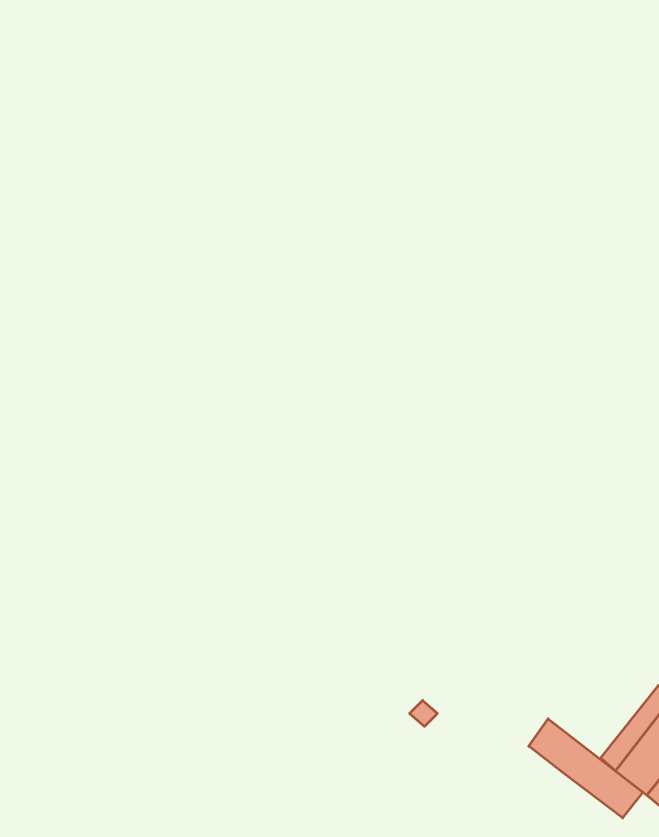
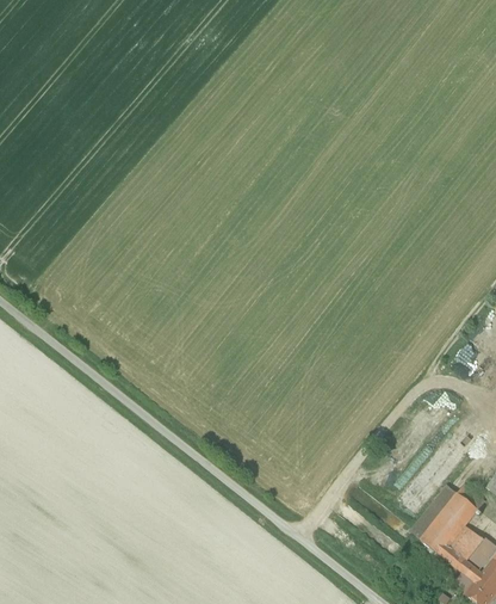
building: [529,719,643,818] -> none

